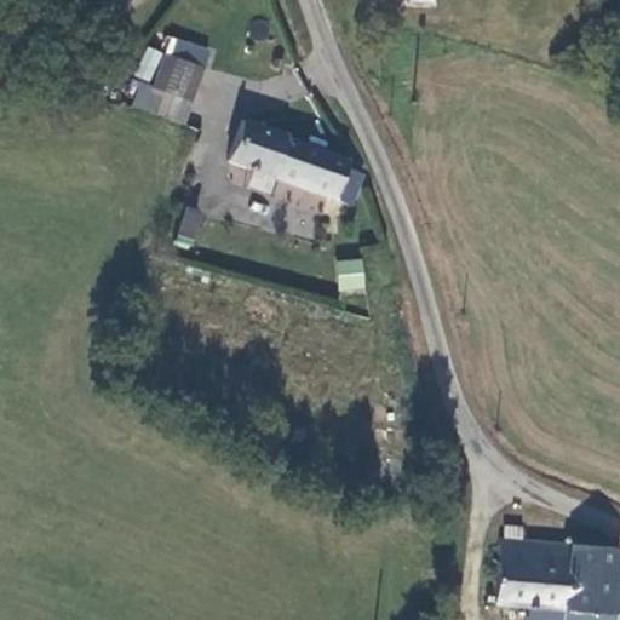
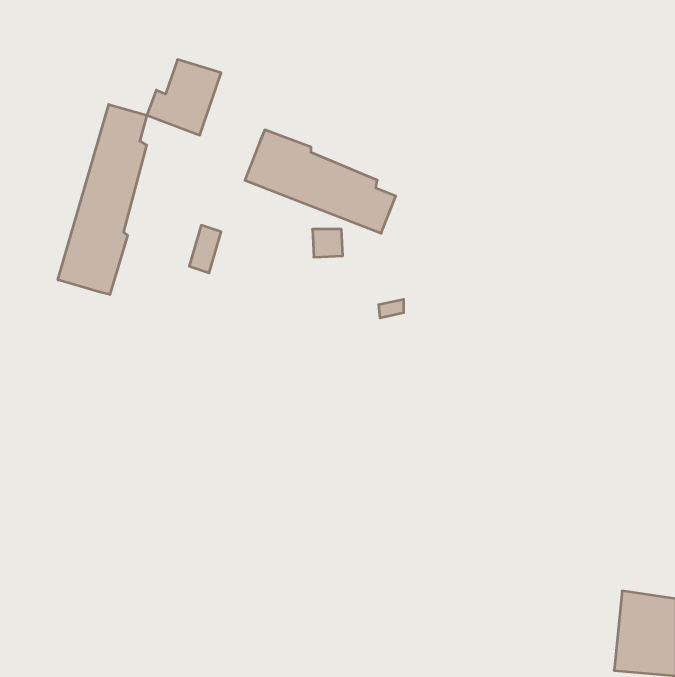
building: none -> [58,104,147,295]
building: [496,534,570,613] -> none

